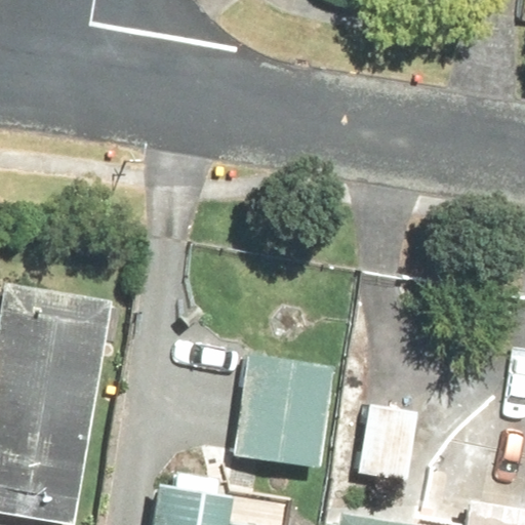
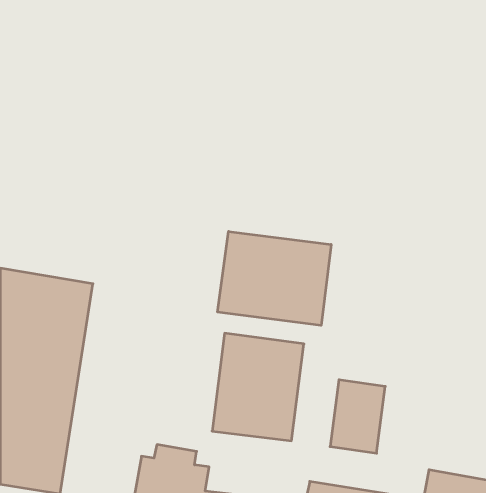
building: none -> [218,231,331,325]

